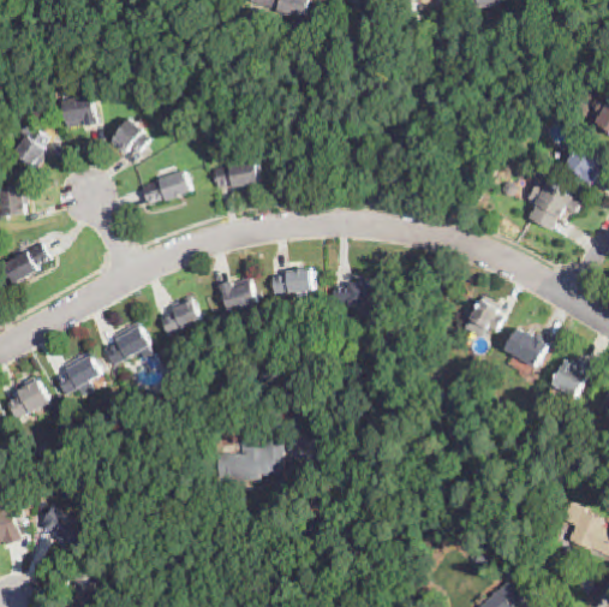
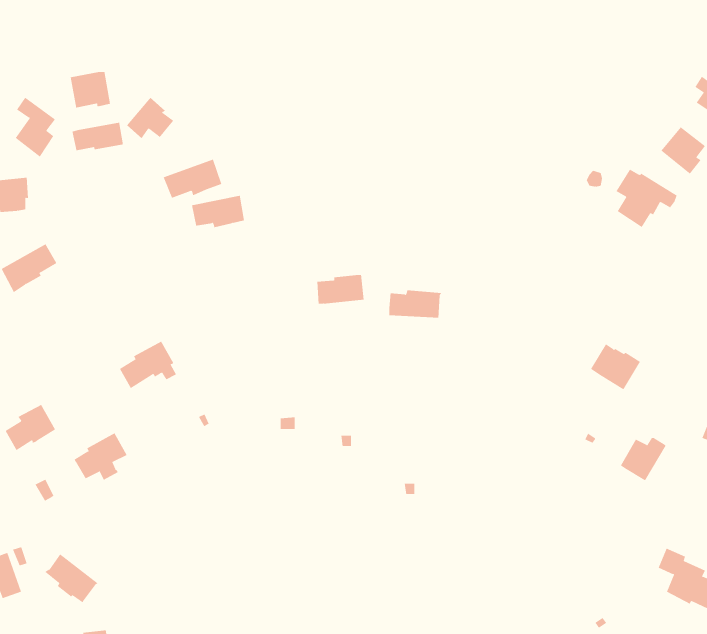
building: none -> [72,122,123,151]
building: [213,160,258,188] -> [191,195,245,228]
building: [219,275,257,311] -> none
building: [159,294,201,334] -> none
building: [470,294,503,331] -> none
building: [55,355,101,395] -> [74,433,127,481]
building: [551,358,591,395] -> [620,437,667,481]
building: [215,433,283,481] -> none

